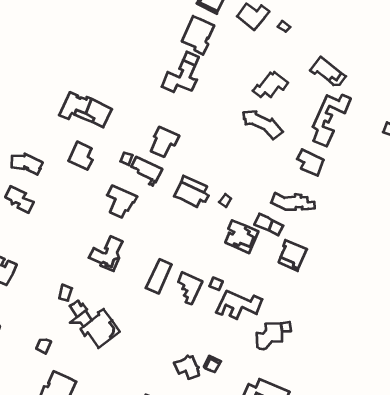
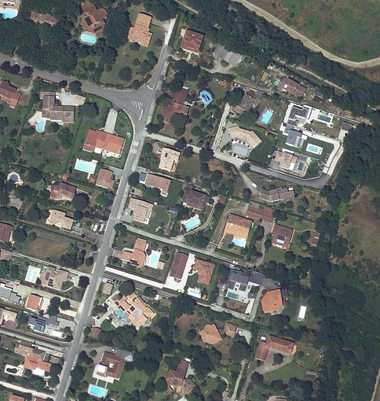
building: [182,16,214,55] -> none
building: none -> [39,92,73,119]

